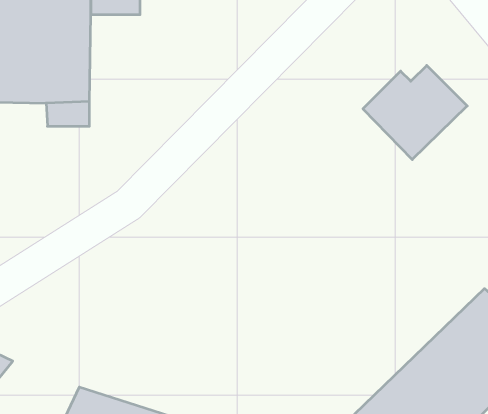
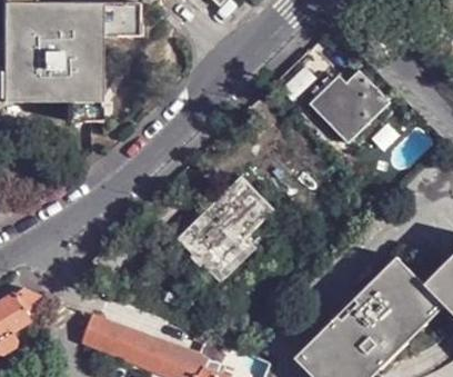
building: none -> [174,179,275,296]

